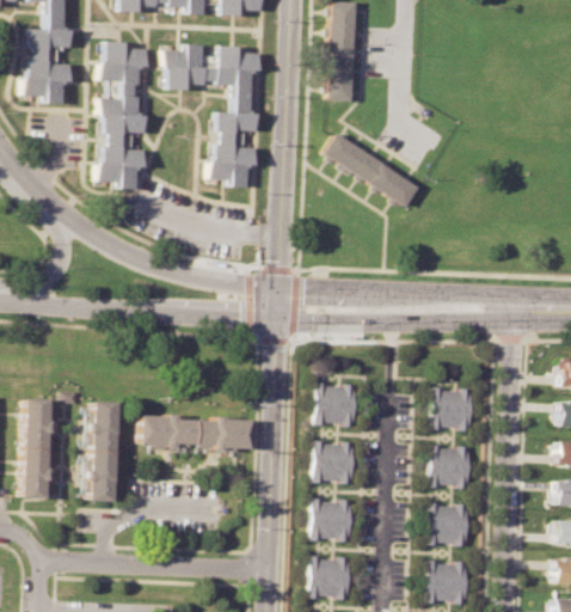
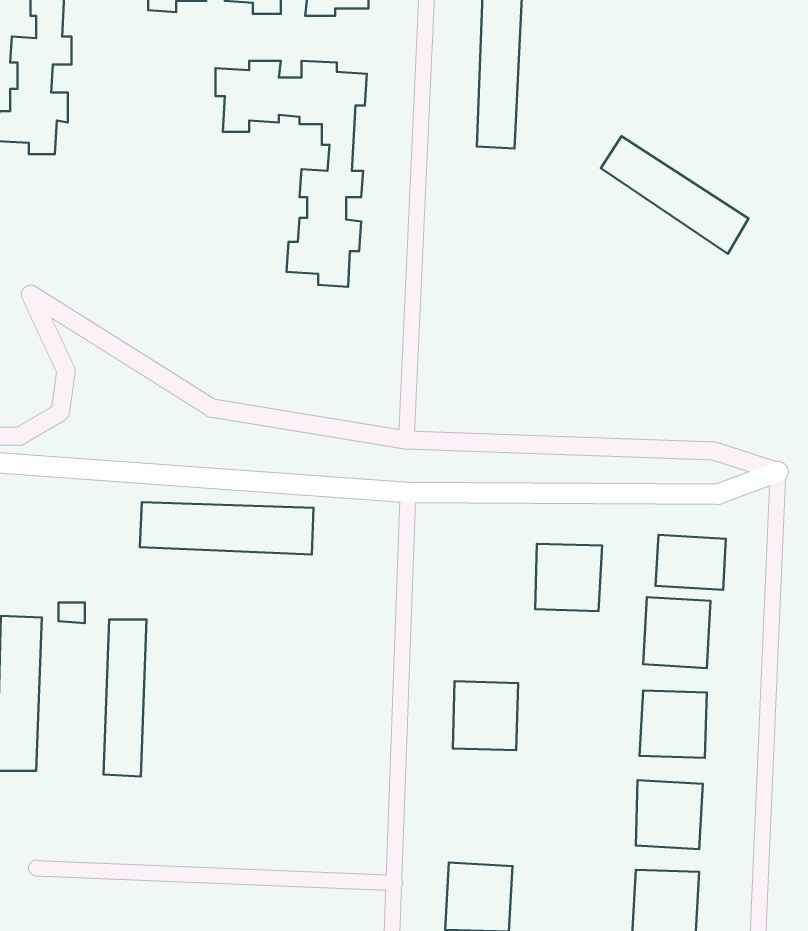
building: [93,42,145,191] -> none
building: [324,131,418,207] -> [601,136,748,254]
building: none -> [656,535,726,590]
building: [315,384,358,427] -> [535,544,602,611]
building: [140,415,251,448] -> [140,502,314,555]
building: [309,498,354,544] -> none

